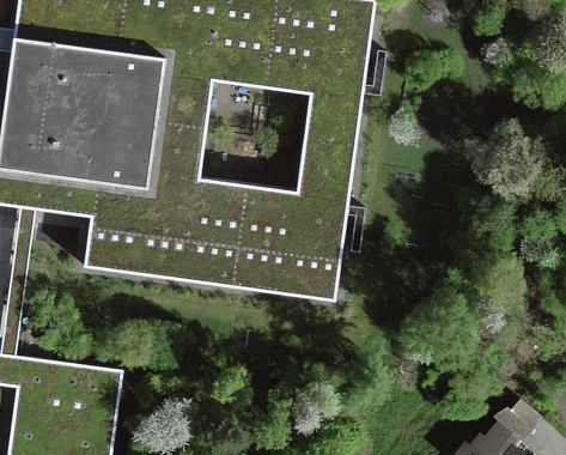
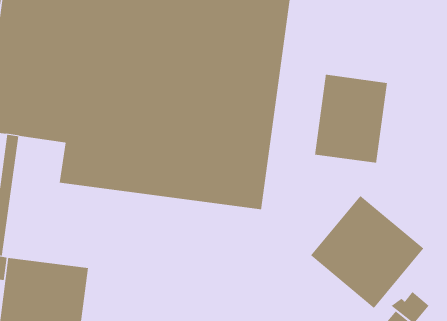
building: none -> [314,74,387,164]
building: none -> [310,195,424,309]

